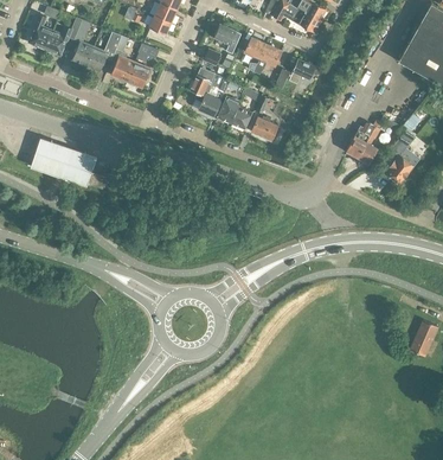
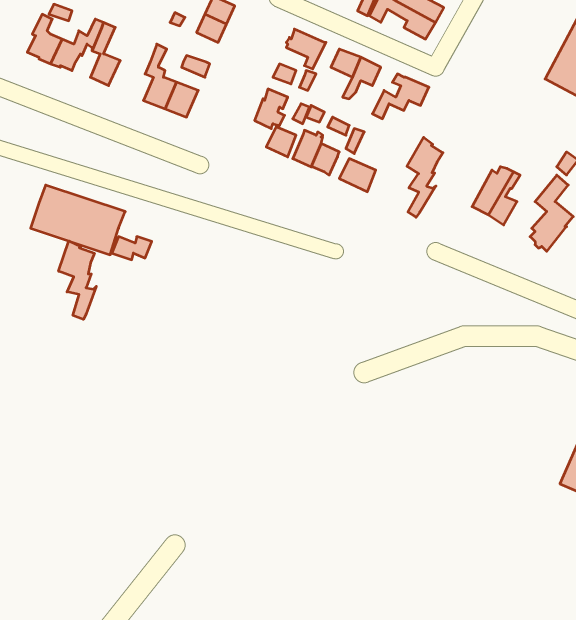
building: [85,32,120,71] -> none
building: none -> [407,137,443,217]
building: none -> [59,241,96,319]

